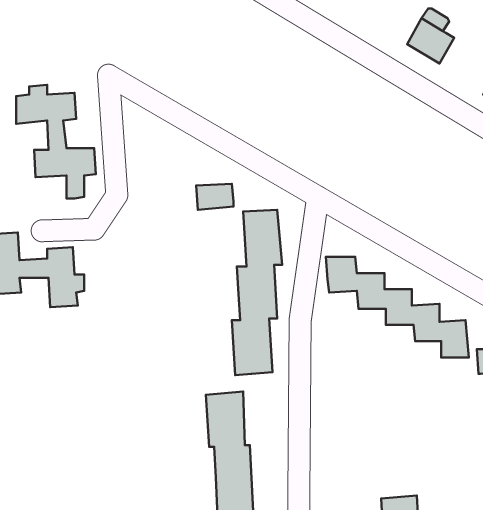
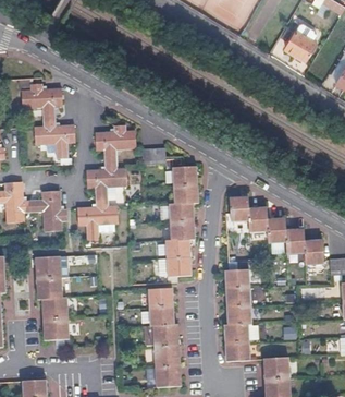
building: none -> [76,123,135,239]
building: none -> [34,255,67,339]
building: none -> [224,268,251,361]

